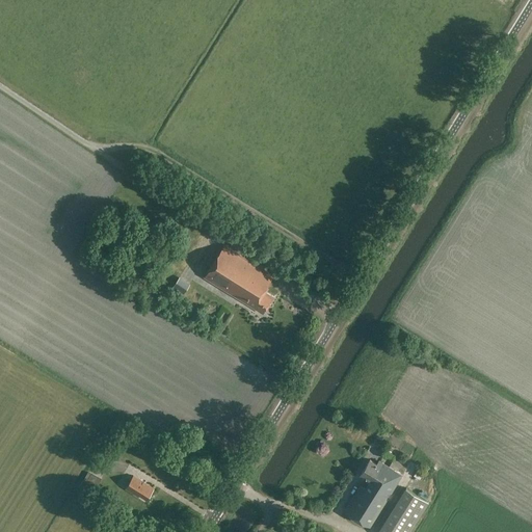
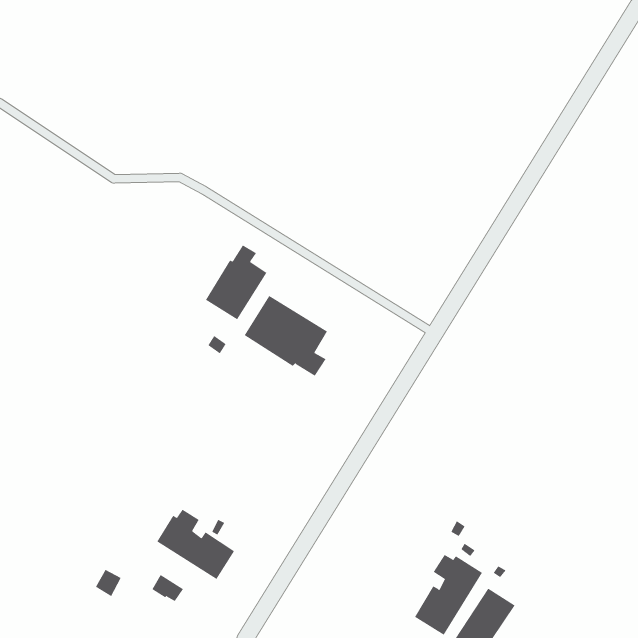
building: none -> [205,244,267,320]
building: none -> [156,509,235,580]

